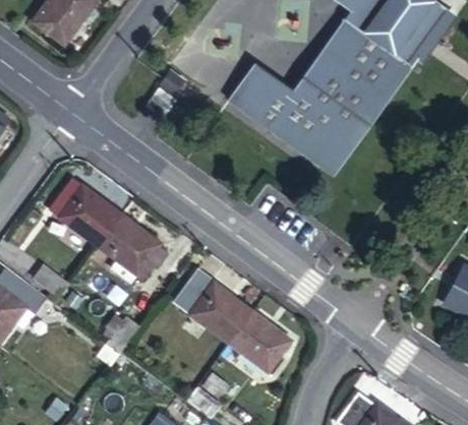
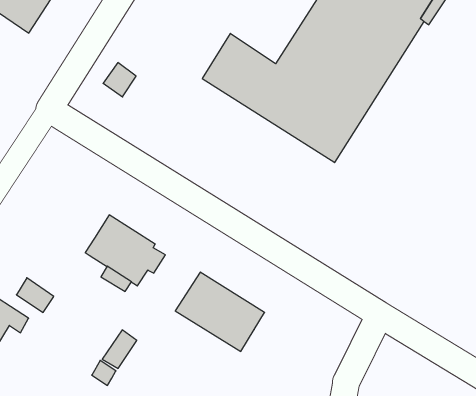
building: [51,178,124,245] -> none
building: [231,309,294,370] -> none

